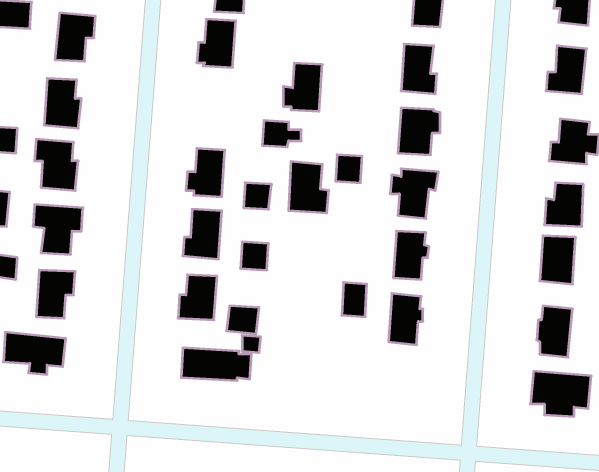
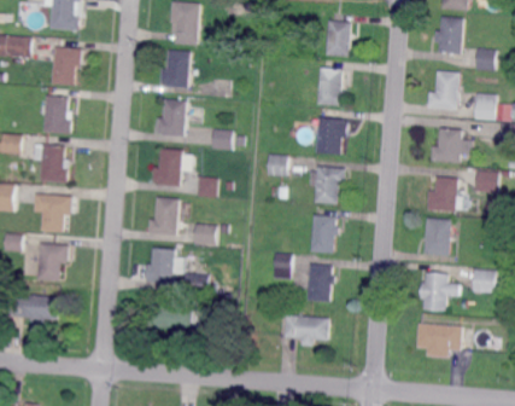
building: [283,63,322,111] -> [156,99,186,137]
building: [289,161,328,213] -> none
building: none -> [274,314,328,347]

